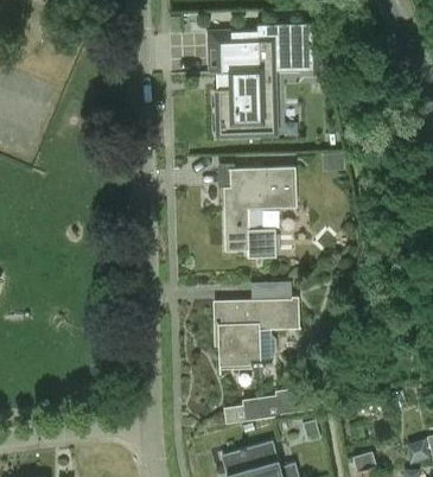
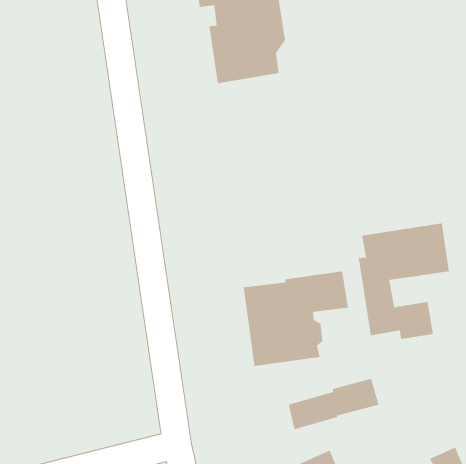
building: [222,166,294,256] -> [358,222,450,340]

